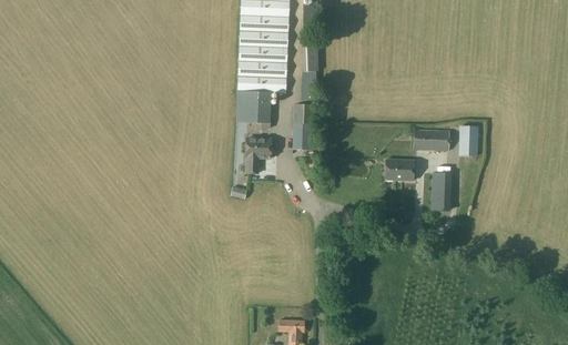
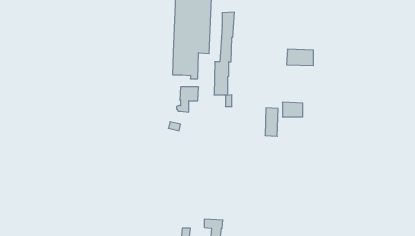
building: [459,124,479,154] -> none
building: [413,128,449,150] -> [287,49,313,66]
building: [432,171,449,210] -> [265,108,278,136]

